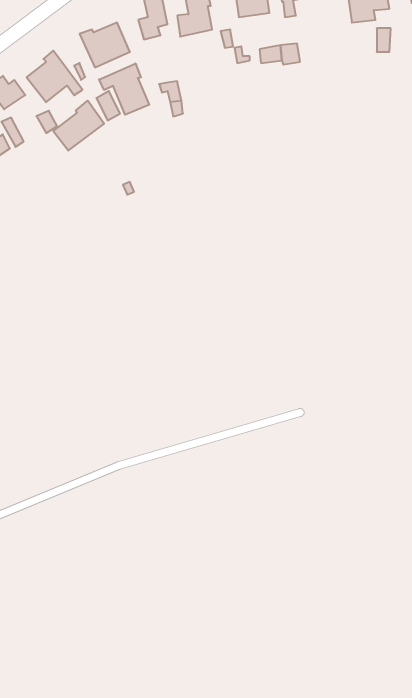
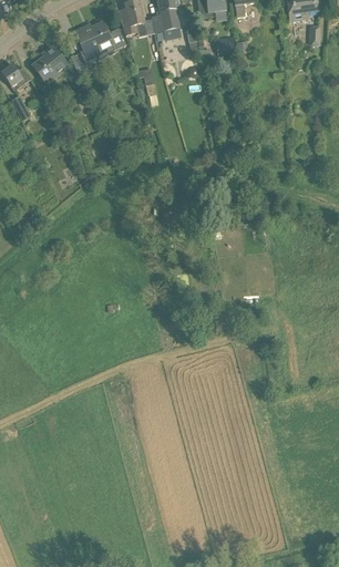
building: [99,63,149,115] -> none
building: [53,101,104,151] -> none

